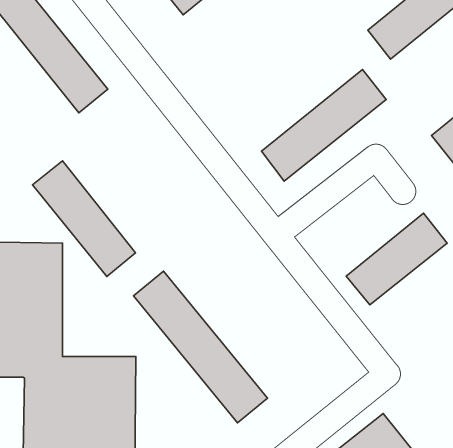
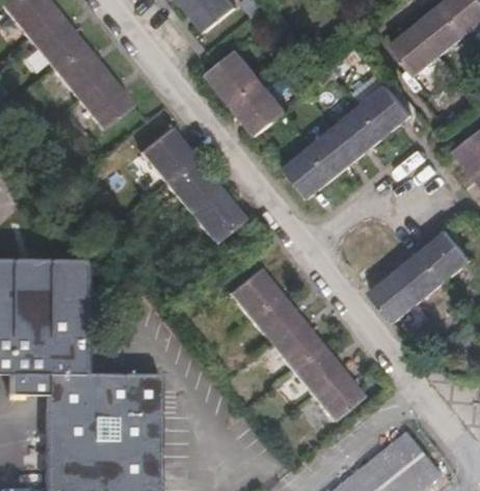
building: none -> [209,49,288,134]
building: [32,161,136,277] -> [140,127,244,243]
building: [133,271,268,423] -> [229,267,364,419]

